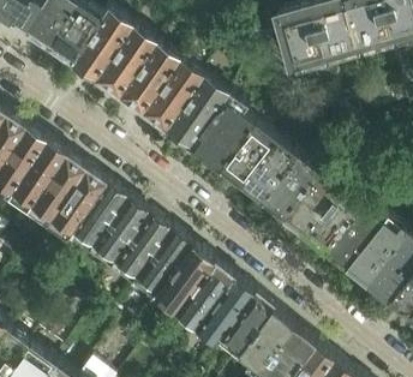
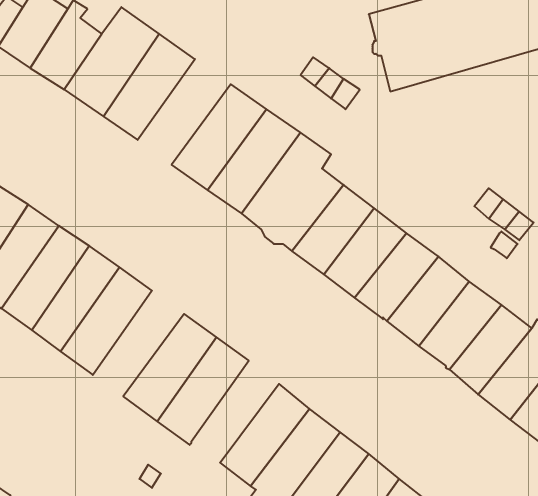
building: [121,46,184,116] -> none
building: [91,201,152,271] -> none
building: [157,247,216,316] -> none

